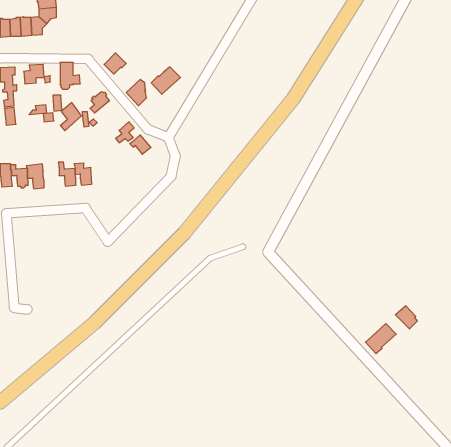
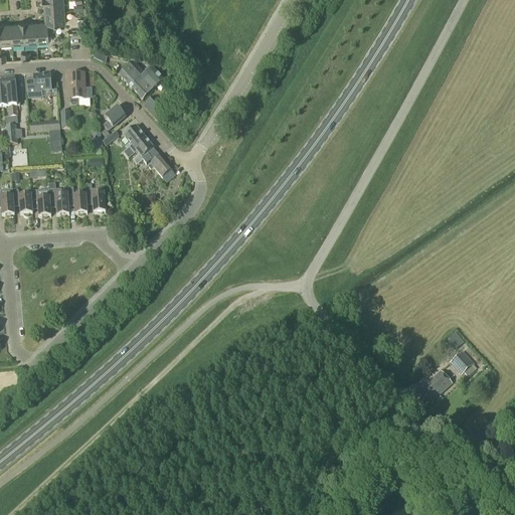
building: [151,67,180,94] -> [130,66,163,98]
building: [60,103,82,131] -> [123,124,147,156]
building: none -> [48,186,68,213]

